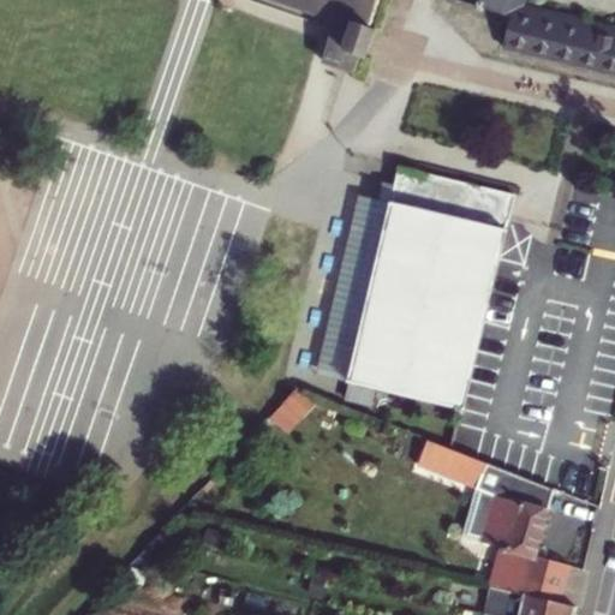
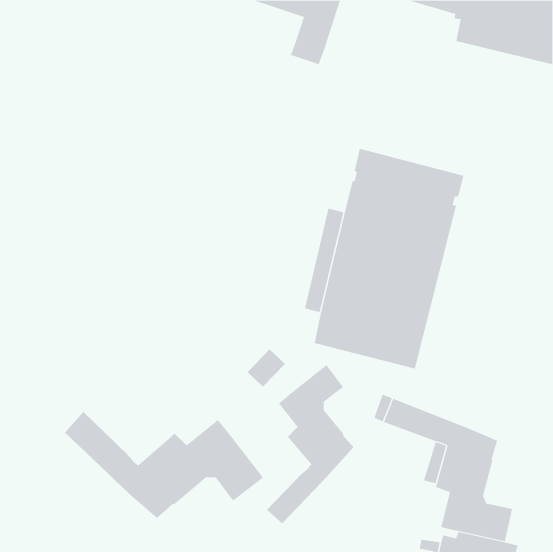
building: none -> [266,364,354,524]
building: none -> [64,411,264,519]

